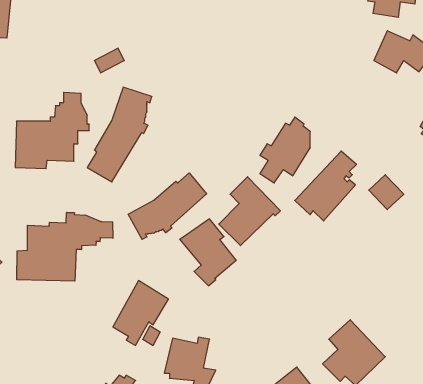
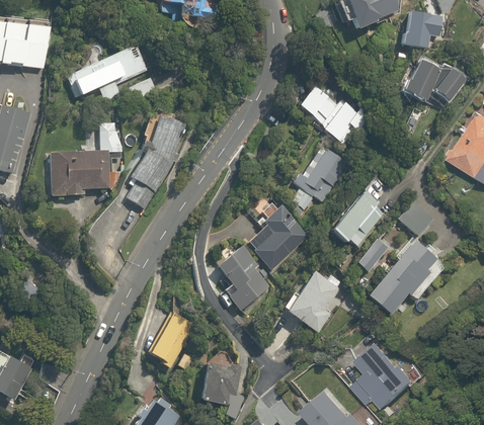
building: none -> [65,45,146,100]
building: none -> [296,83,366,152]
building: [128,173,207,239] -> none
building: [17,212,113,281] -> none
building: none -> [355,241,388,272]
building: none -> [366,242,442,315]
building: none -> [279,270,340,333]

